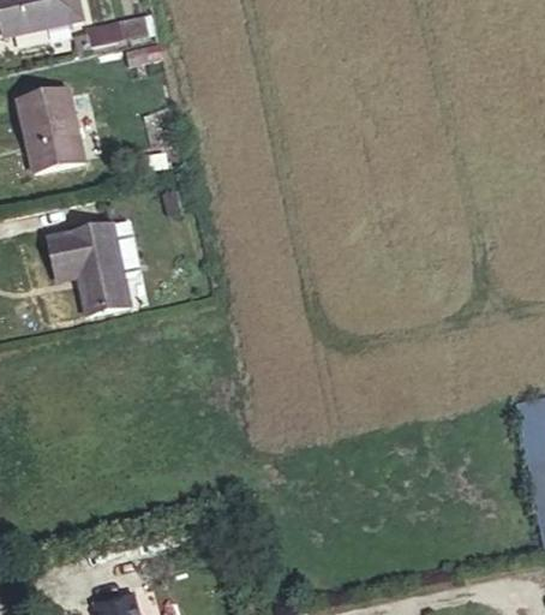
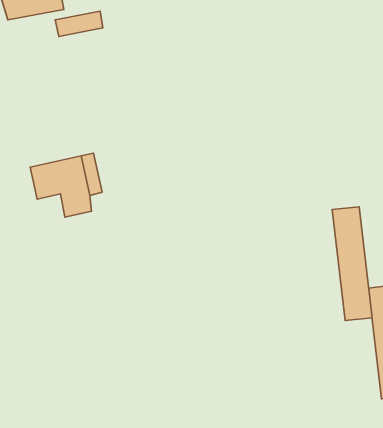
building: [25,83,91,168] -> none
building: none -> [332,207,372,320]

